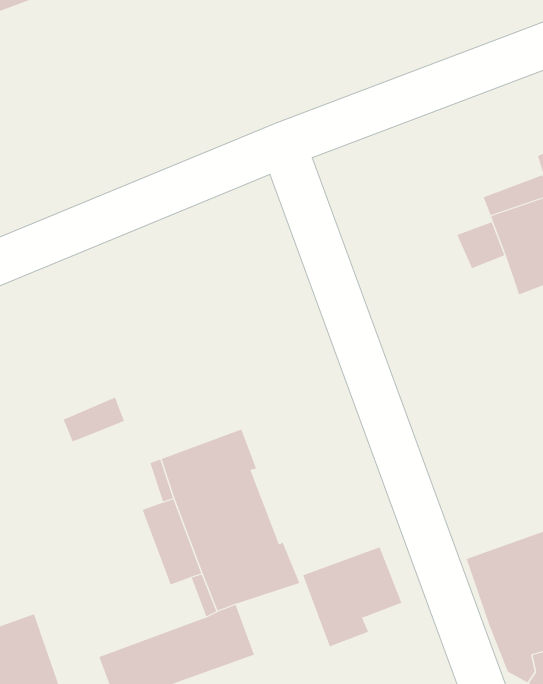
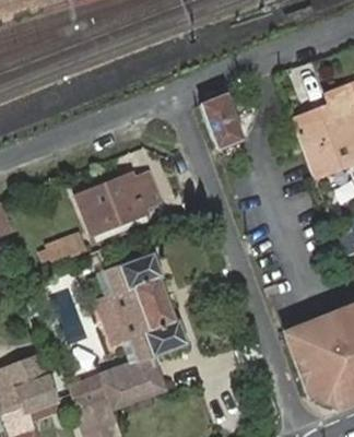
building: none -> [202,95,241,149]
building: none -> [79,174,165,234]
building: [302,546,402,647] -> none

